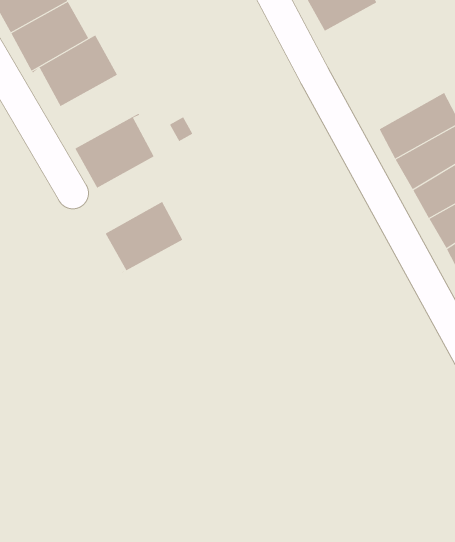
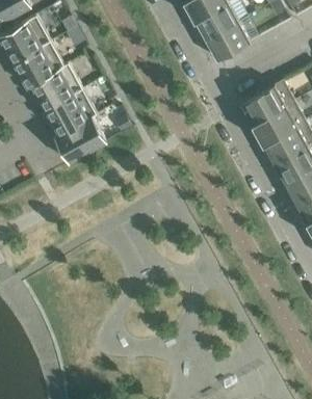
building: none -> [240,80,294,125]
building: [105,201,183,275] -> [45,89,96,137]

